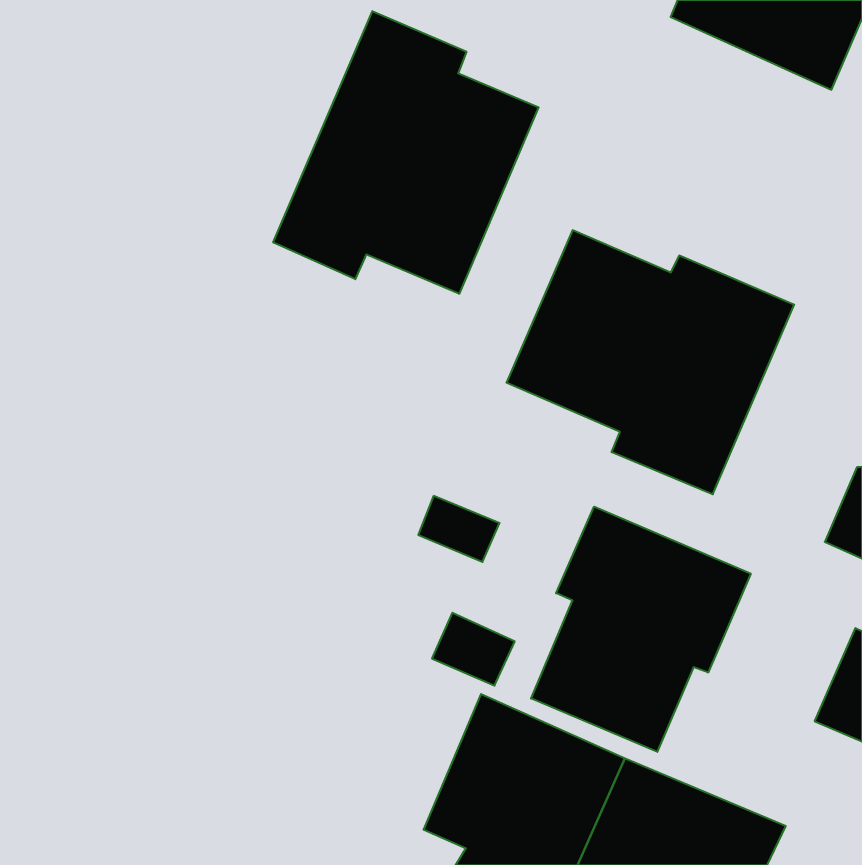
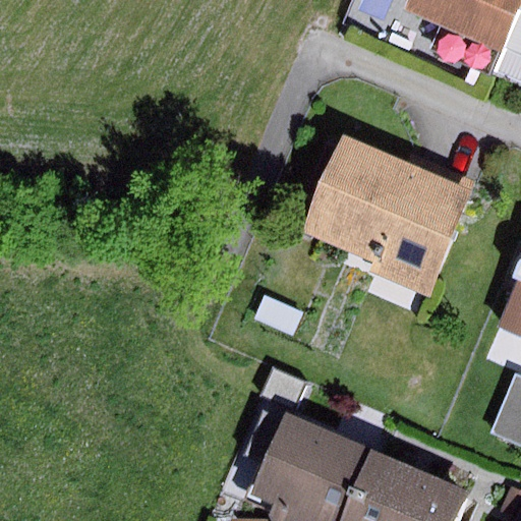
building: [273,11,539,294] -> none
building: [531,507,751,752] -> none

